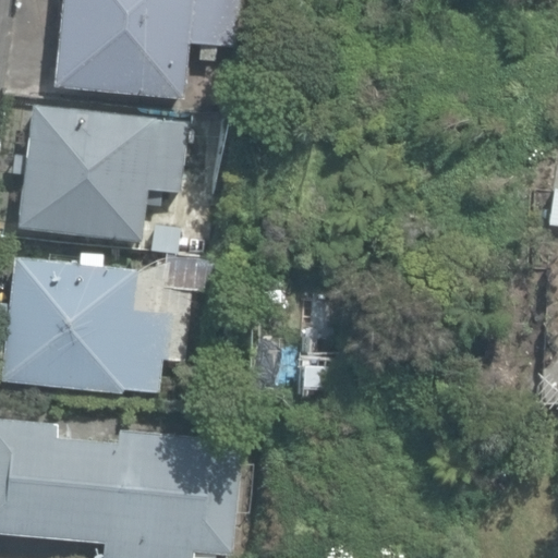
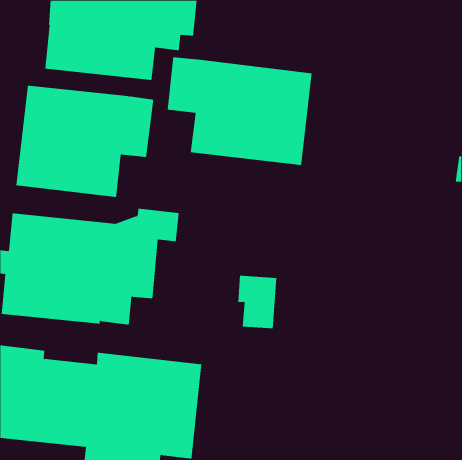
building: none -> [167,57,312,166]

